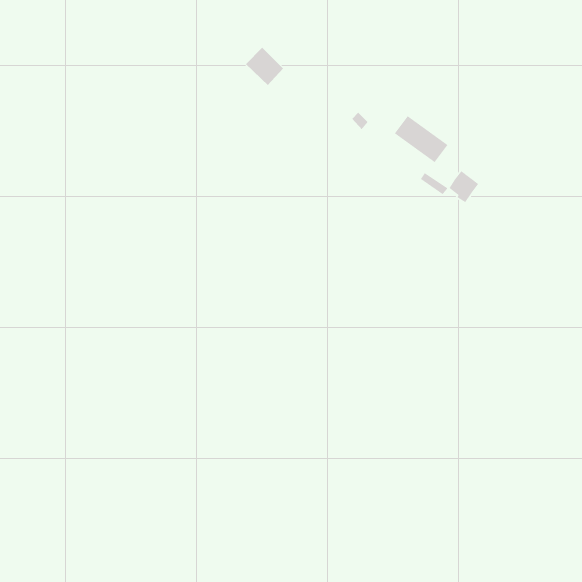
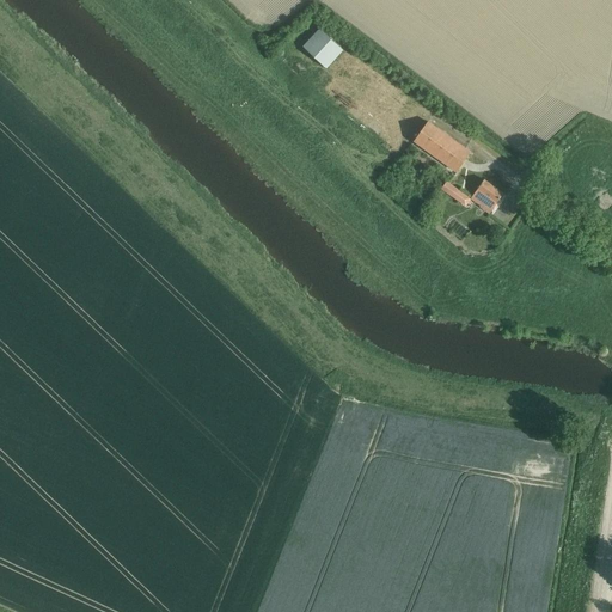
building: [245,47,284,86] -> [305,29,345,69]

